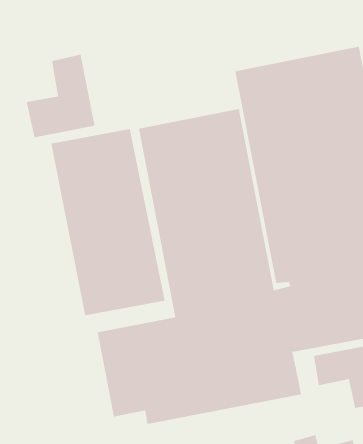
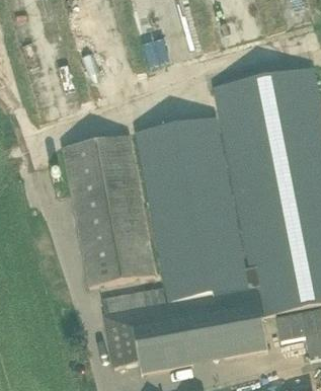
building: [26,54,95,138] -> none

